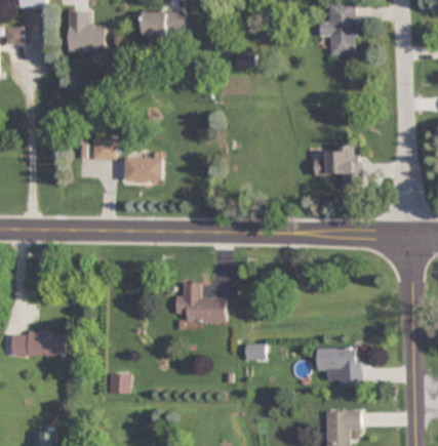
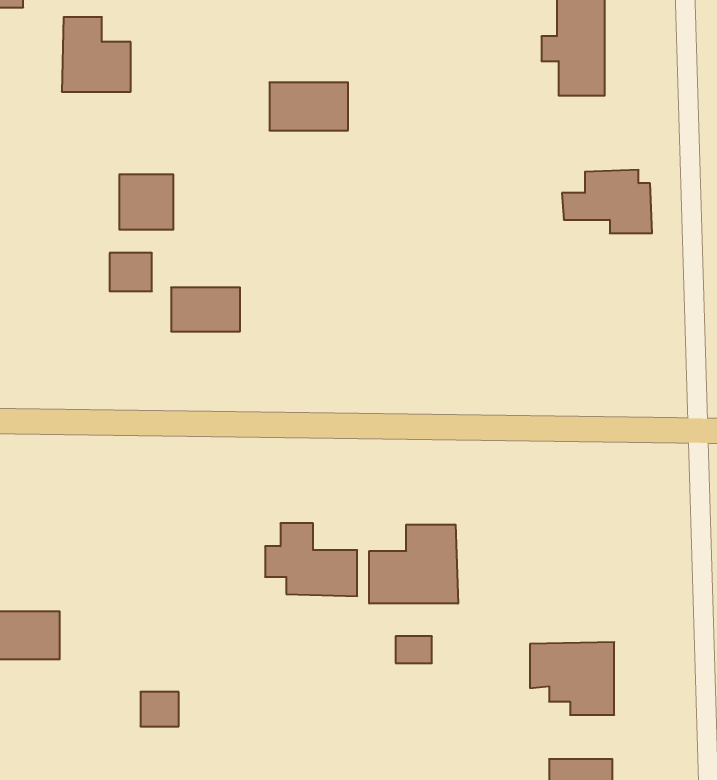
building: [142,11,184,37] -> [269,82,348,130]
building: none -> [119,174,173,230]
building: [314,147,362,180] -> [562,170,652,233]
building: none -> [369,525,458,604]

